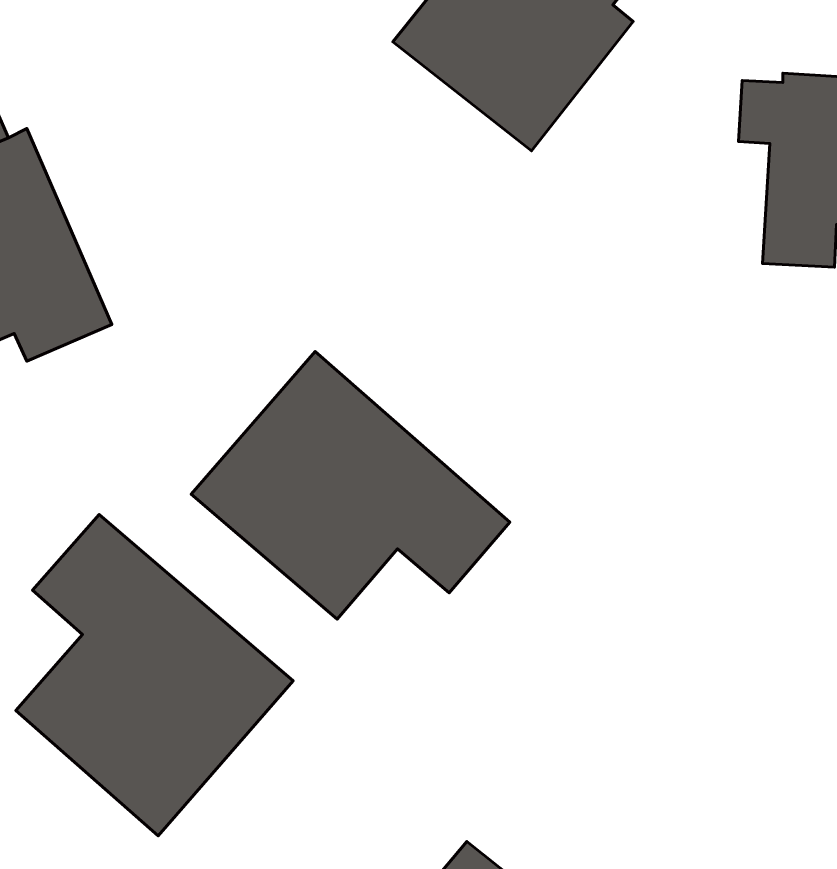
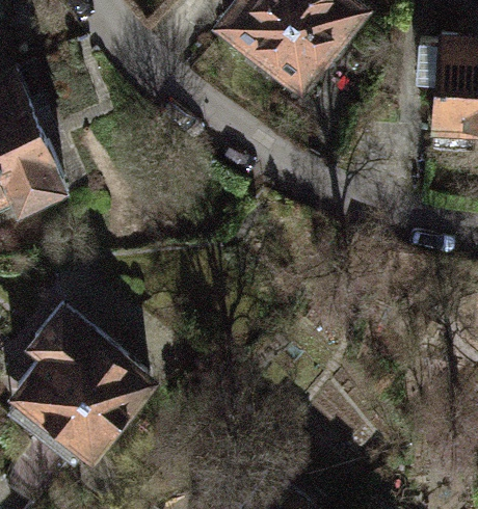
building: [191,351,510,619] -> none

